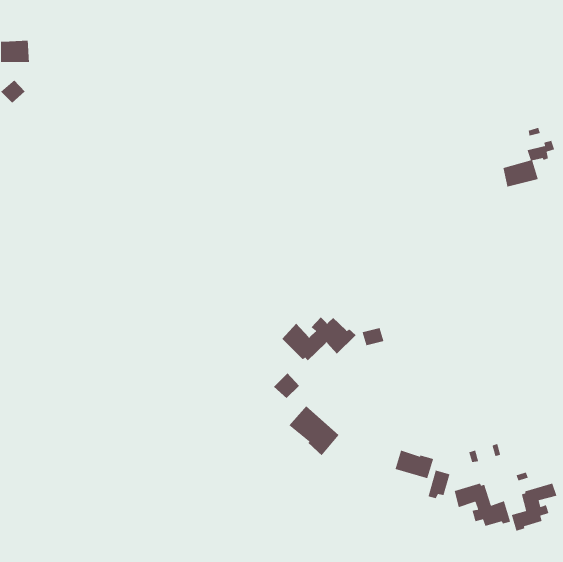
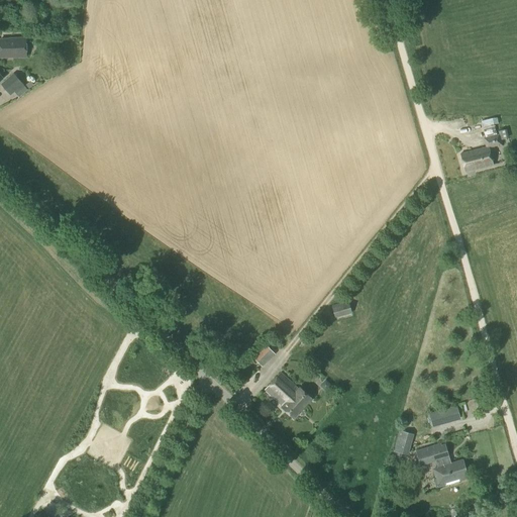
building: [281,317,356,361] -> none
building: [395,450,434,479] -> none
building: [511,483,558,532] -> none

